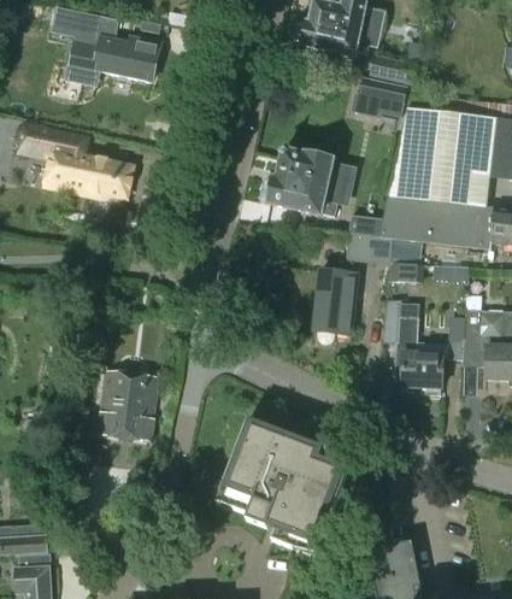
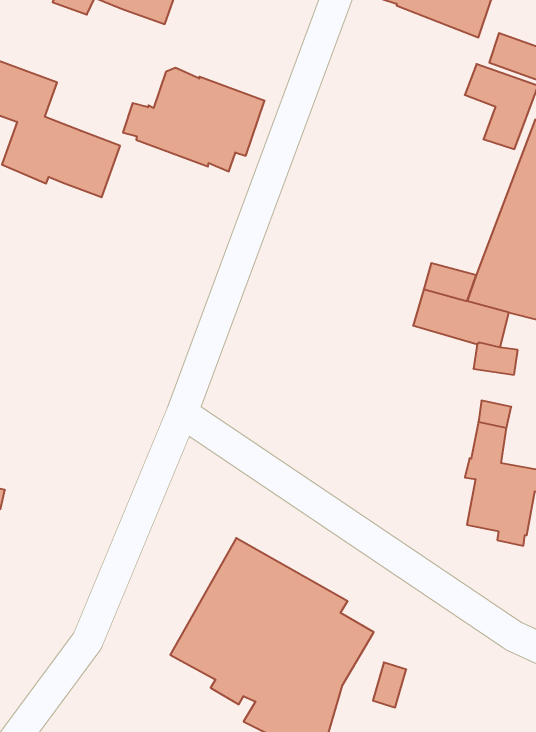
building: [260,152,352,216] -> [123,68,265,171]
building: [314,270,357,343] -> none
building: [98,369,158,440] -> none

